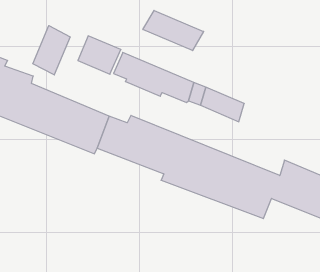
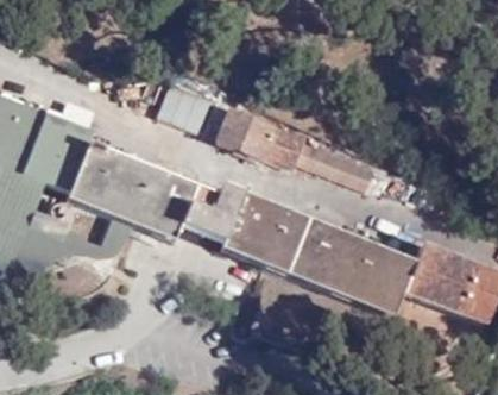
building: [143,10,204,51] -> none
building: [33,26,70,75] -> none

